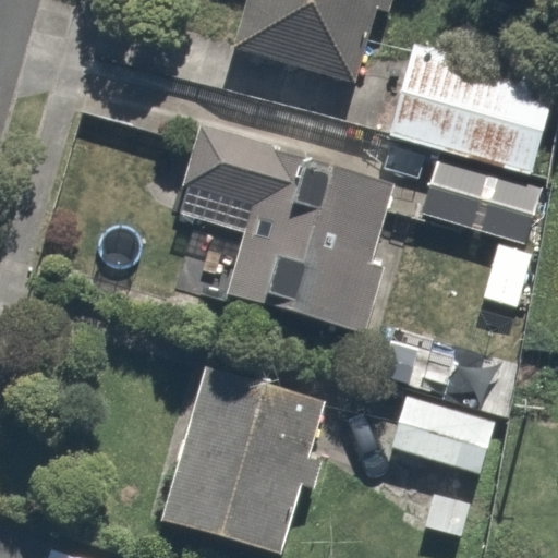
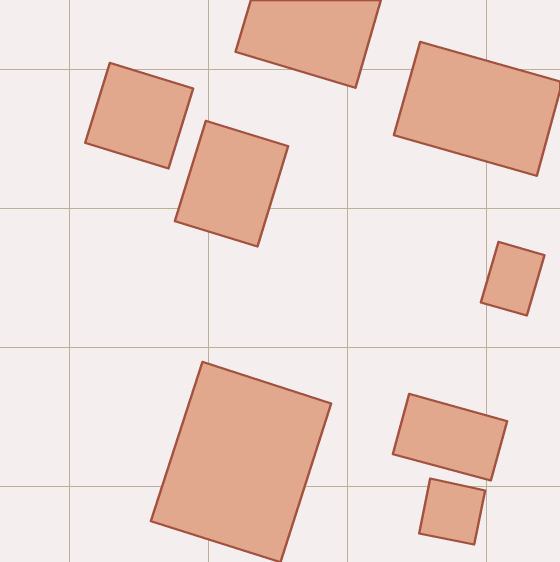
building: none -> [85,63,193,169]
building: [415,156,539,243] -> none
building: [258,162,402,340] -> none

